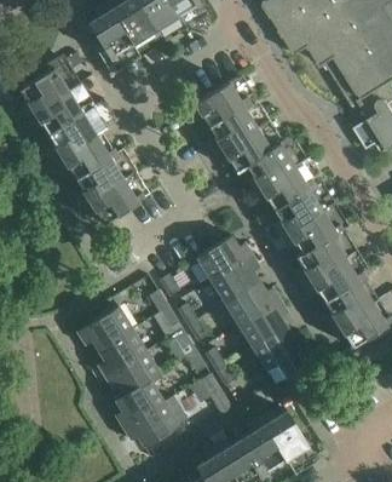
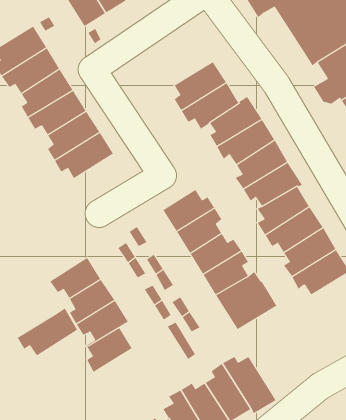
building: [186,80,248,125] -> none
building: [122,395,186,446] -> [17,308,78,356]

